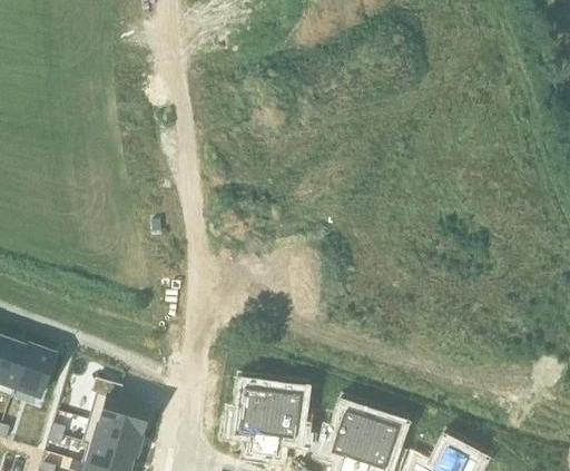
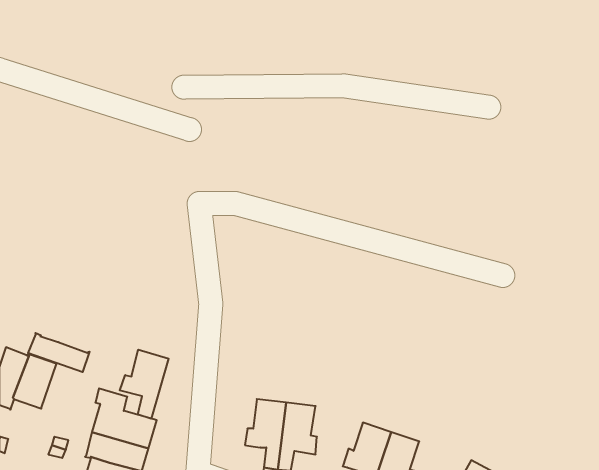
building: none -> [28,333,90,372]
building: none -> [120,350,169,419]

